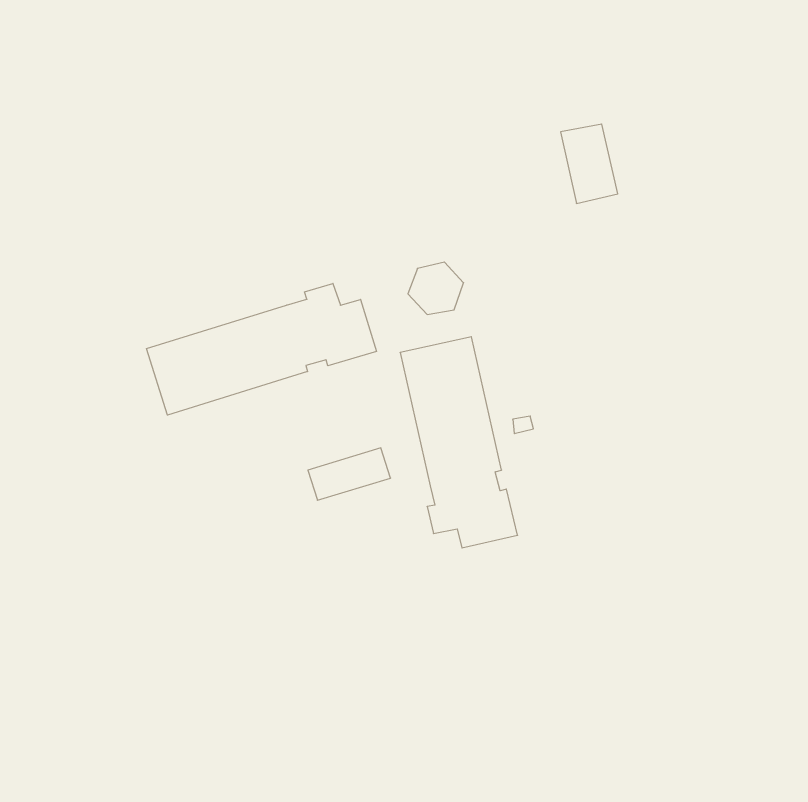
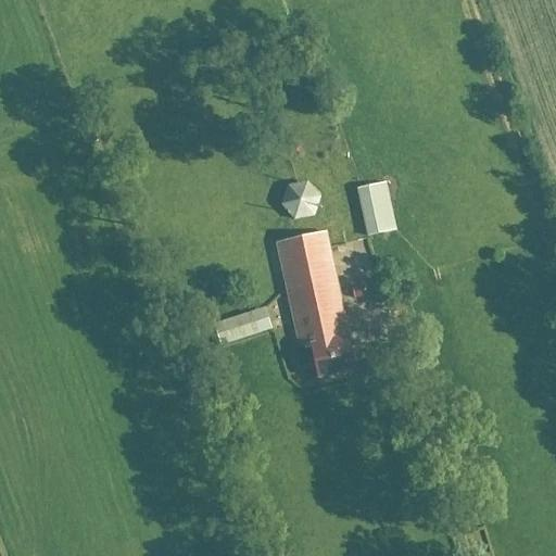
building: [561,124,618,203] -> [357,179,396,233]
building: [146,283,377,415] -> none

